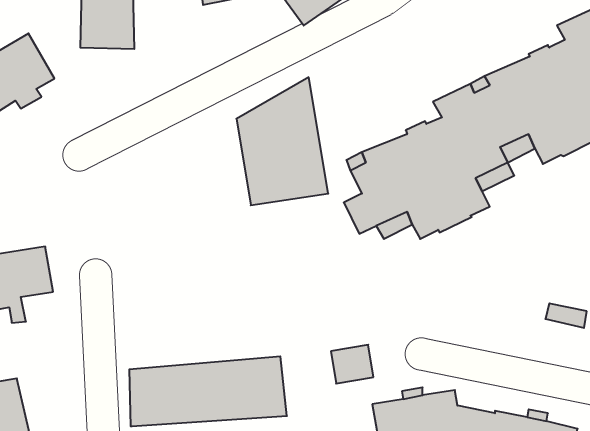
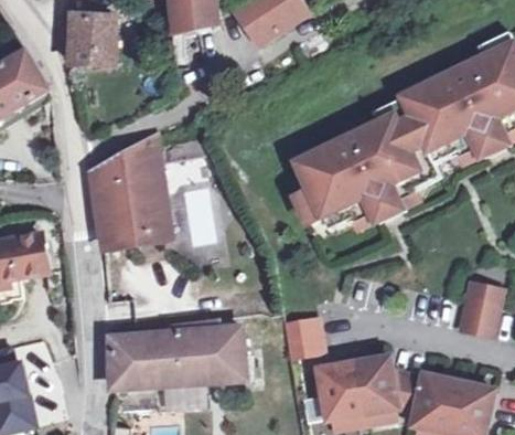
building: [236,77,328,205] -> [89,136,168,245]
building: none -> [460,296,500,336]

